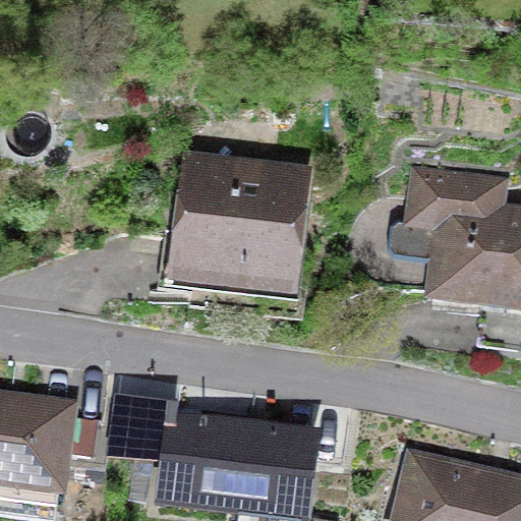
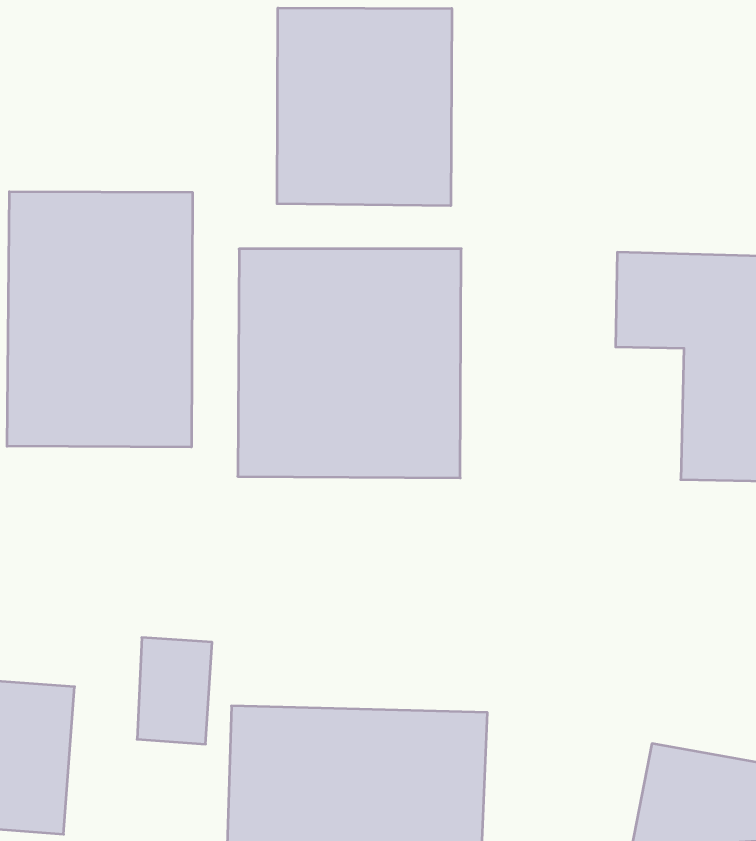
building: none -> [277,8,452,206]
building: none -> [7,192,192,447]

